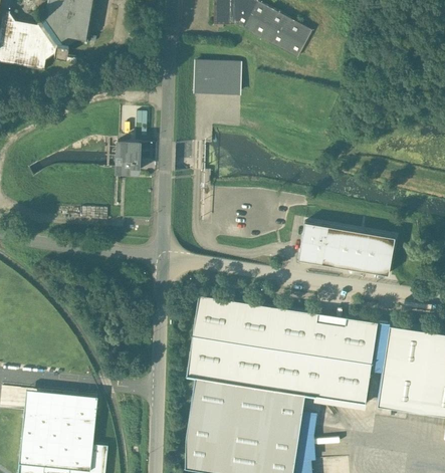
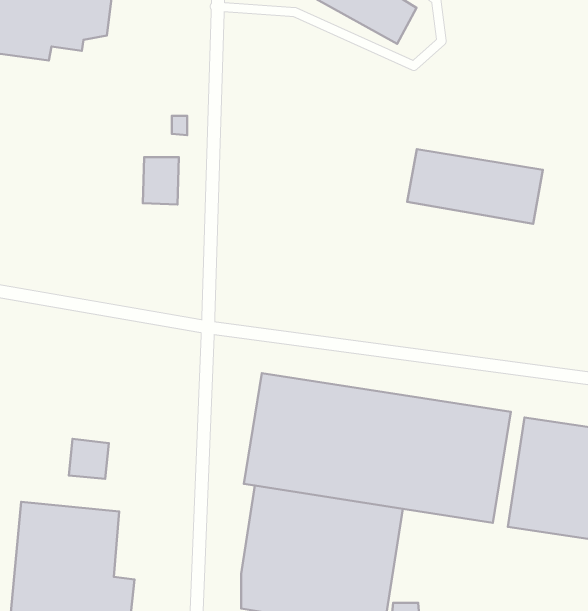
building: [193,62,240,92] -> none
building: [299,224,398,278] -> [407,149,543,224]
building: none -> [69,439,109,479]

